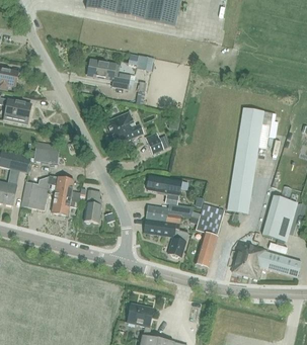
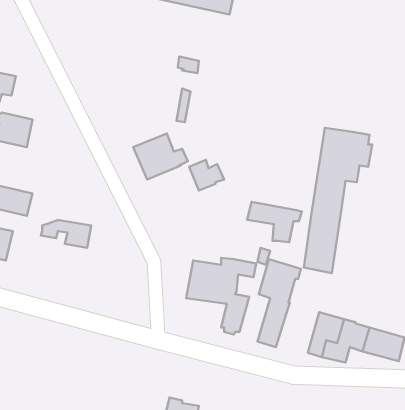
building: [87,58,131,89] -> none
building: [33,141,60,163] -> none
building: [147,174,186,203] -> [247,202,302,242]
building: [20,181,49,209] -> none
building: [83,188,101,223] -> none
building: [52,190,80,214] -> none
building: [262,195,297,240] -> none

